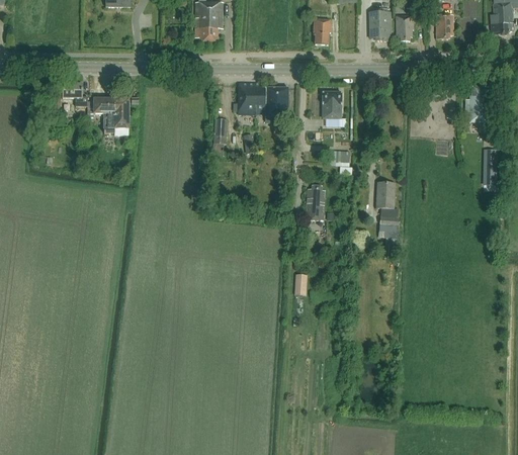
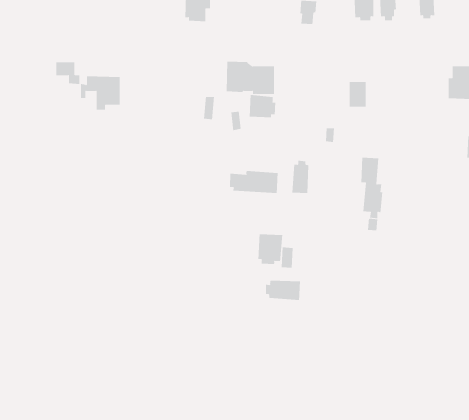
building: [323,91,341,117] -> [349,82,366,107]
building: none -> [249,94,276,118]
building: none -> [230,170,278,194]
building: none -> [258,233,283,265]
building: none -> [265,280,300,301]

